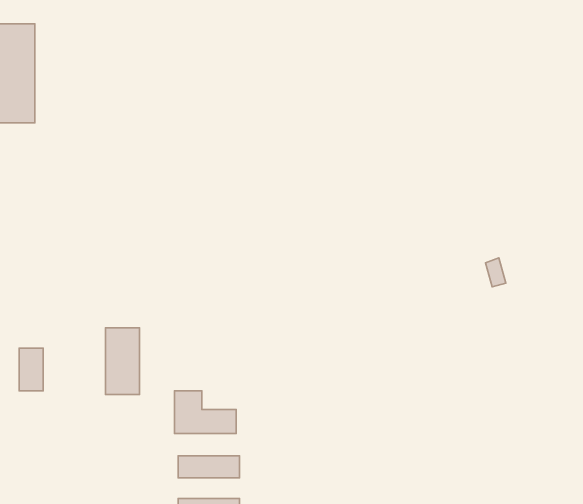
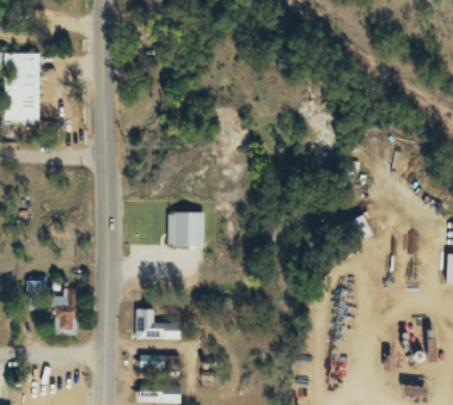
building: none -> [169,211,204,246]
building: [105,328,139,394] -> [55,288,79,335]

